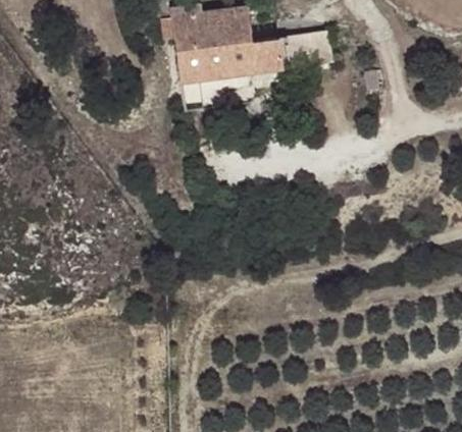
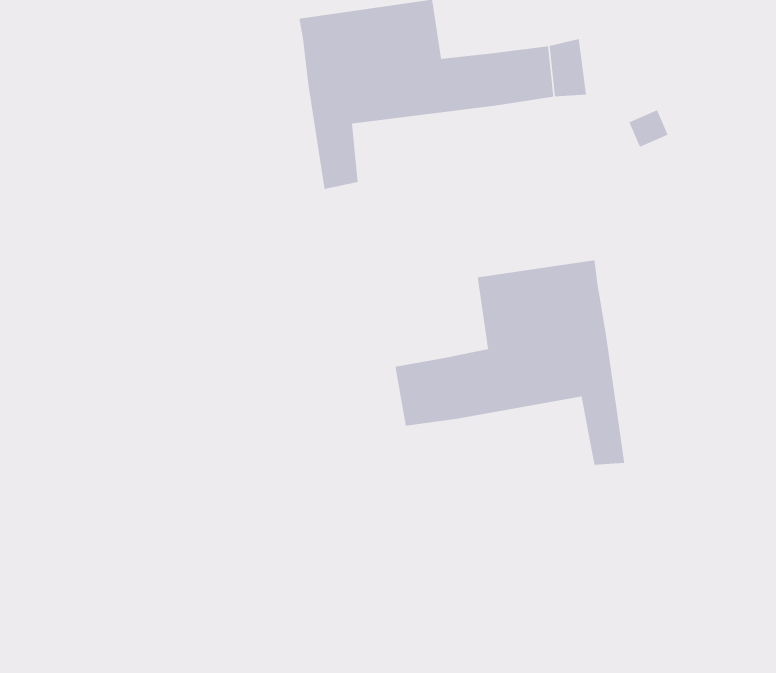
building: none -> [395,259,625,466]

